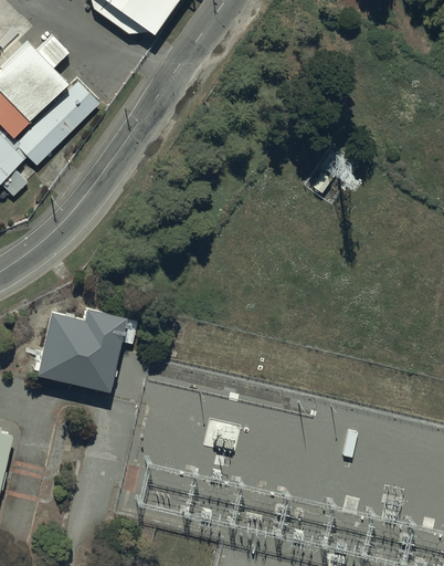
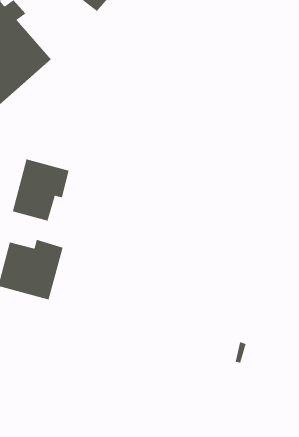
building: none -> [12,159,69,221]

